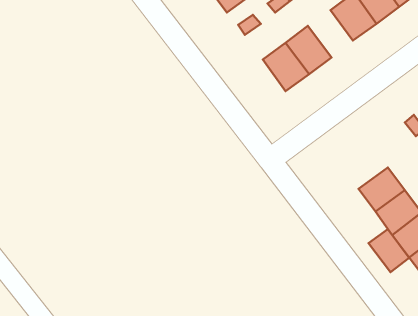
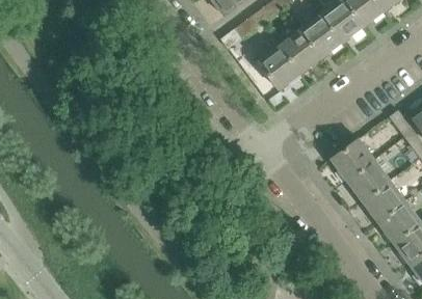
building: none -> [299,15,341,58]
building: none -> [331,138,373,180]
building: [368,229,409,272] -> none

